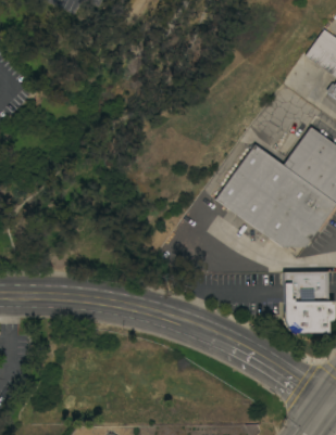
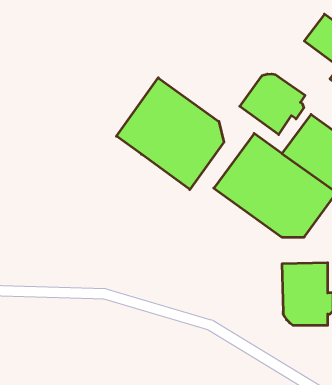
building: none -> [240,74,305,135]
building: none -> [116,78,224,190]

